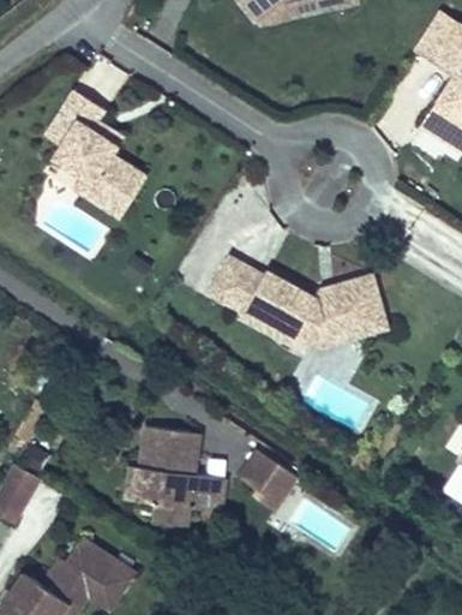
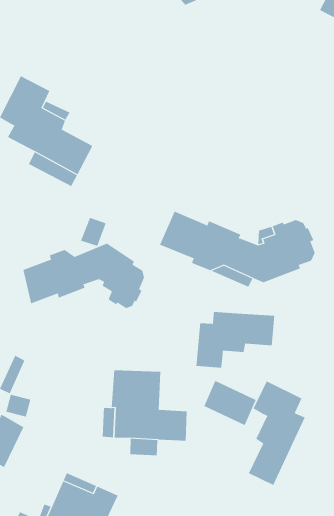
building: none -> [23,243,144,309]
building: none -> [196,311,275,369]
building: none -> [248,381,306,486]

